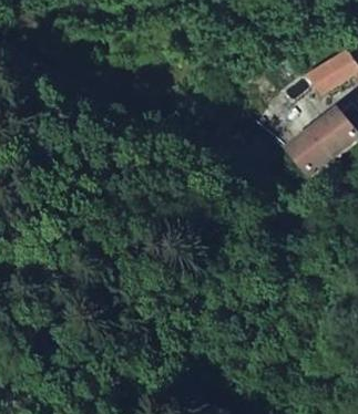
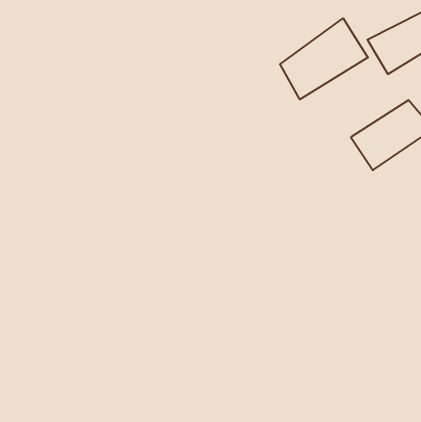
building: none -> [280,18,368,99]

